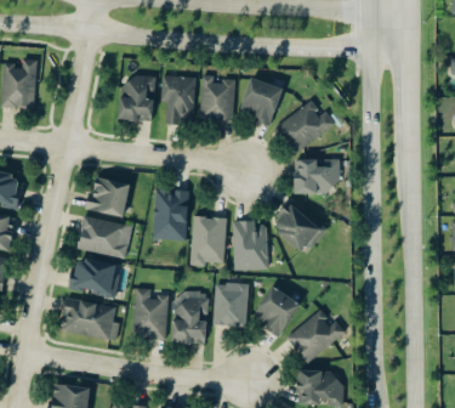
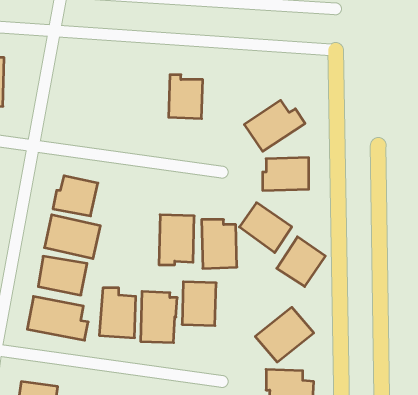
building: [118,75,155,121] -> none
building: [163,76,195,123] -> none
building: [238,78,283,125] -> none
building: [154,189,188,239] -> none
building: [251,285,300,335] -> [277,237,325,287]

